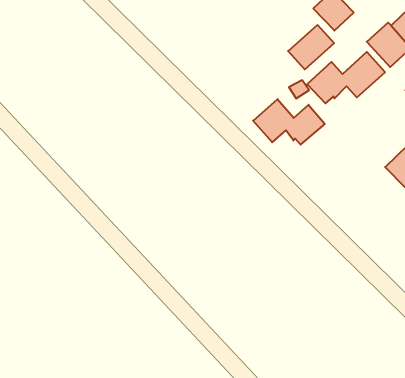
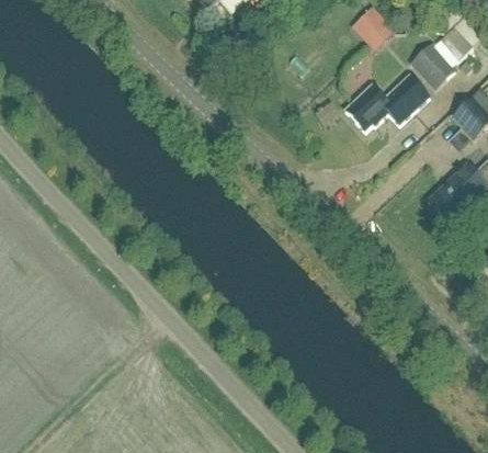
building: [288,25,334,69] -> none
building: [253,99,325,145] -> none

